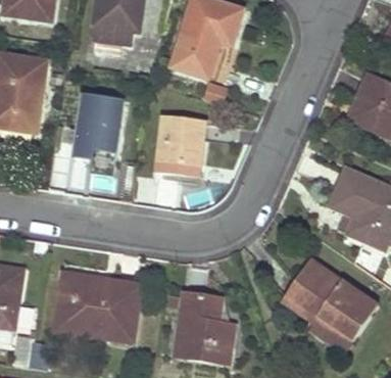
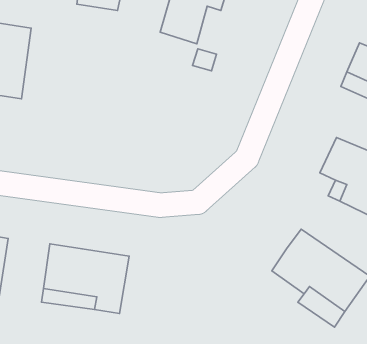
building: [74,95,124,160] -> none
building: [156,115,204,174] -> none
building: [176,290,236,363] -> none

